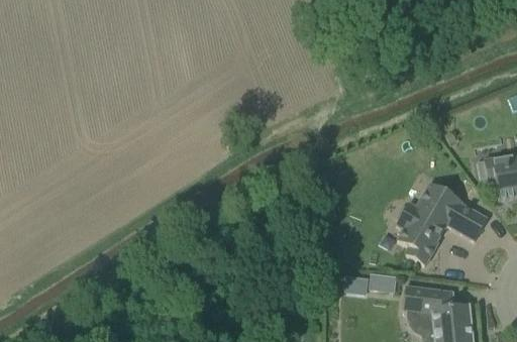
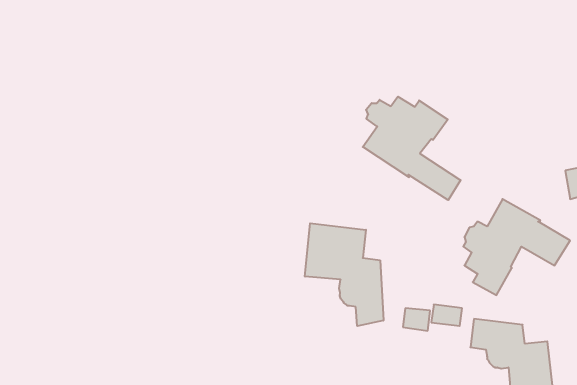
building: none -> [363,97,461,200]
building: none -> [305,223,383,326]

